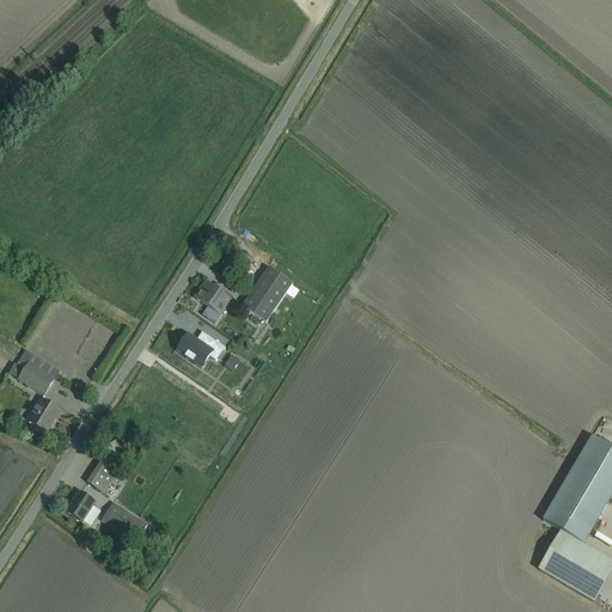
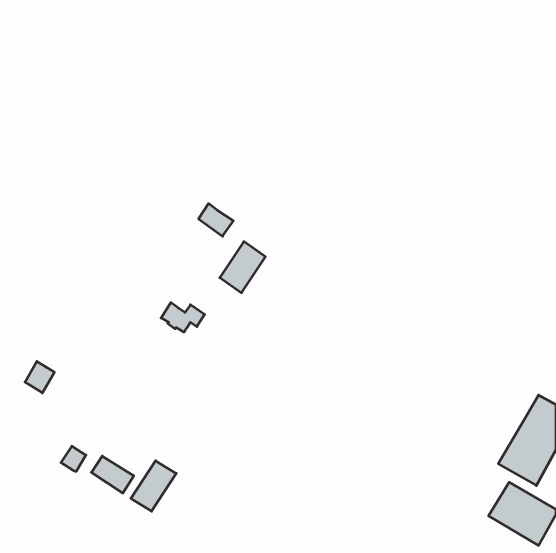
building: [194,279,232,314] -> [199,204,233,236]
building: [18,361,54,393] -> none
building: [85,454,122,491] -> none
building: none -> [131,461,176,511]

